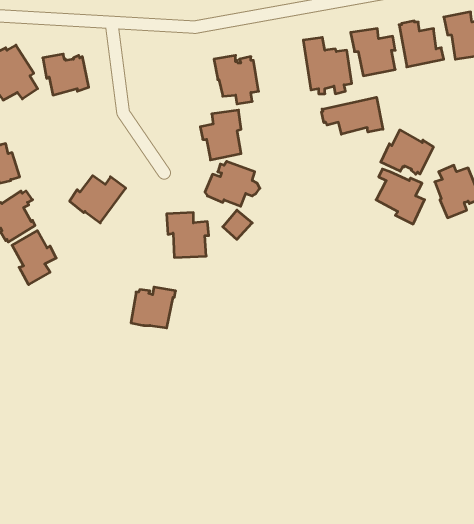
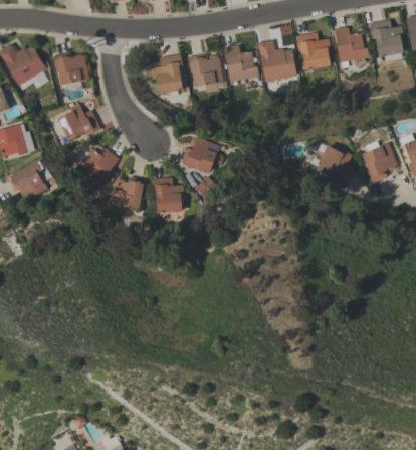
building: none -> [224,44,259,81]
building: [322,97,383,134] -> none
building: [200,110,241,160] -> [151,54,183,94]
building: none -> [57,104,100,140]
building: [381,130,433,174] -> none
building: [12,231,56,285] -> none
building: [131,287,176,328] -> [111,176,146,208]

